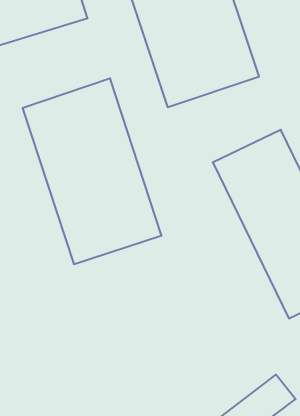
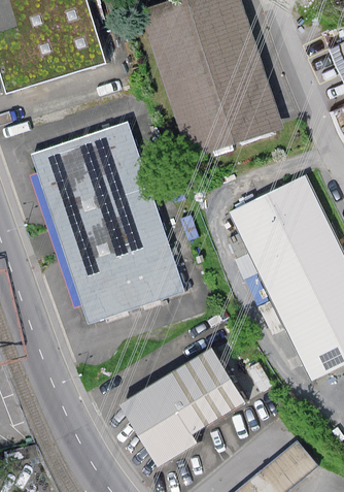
building: none -> [123,353,241,465]

